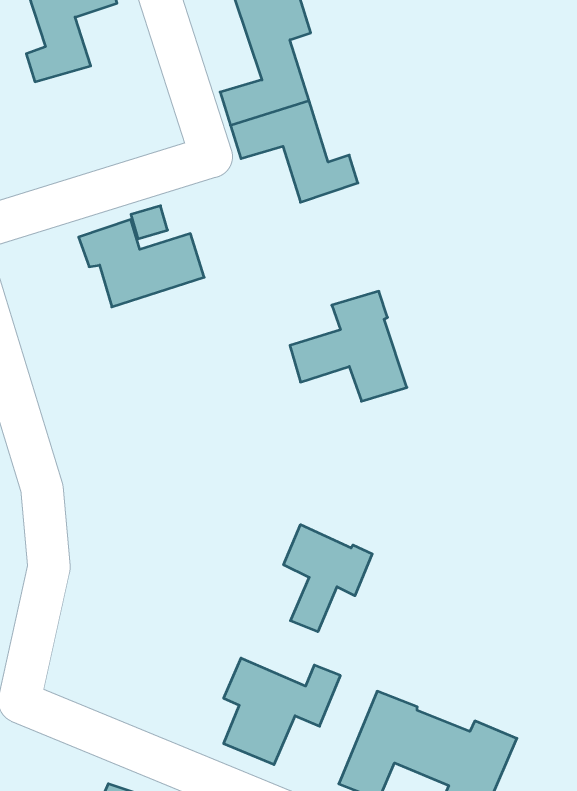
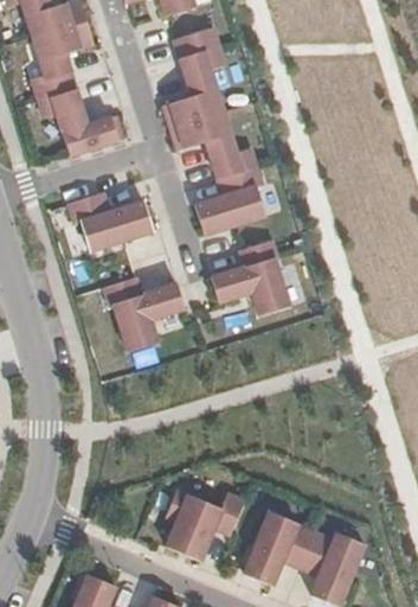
building: none -> [37,87,122,154]
building: none -> [193,166,264,235]
building: none -> [103,277,184,353]
building: [284,525,372,632] -> none

